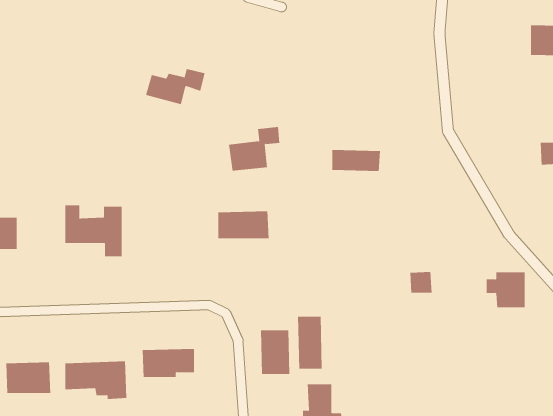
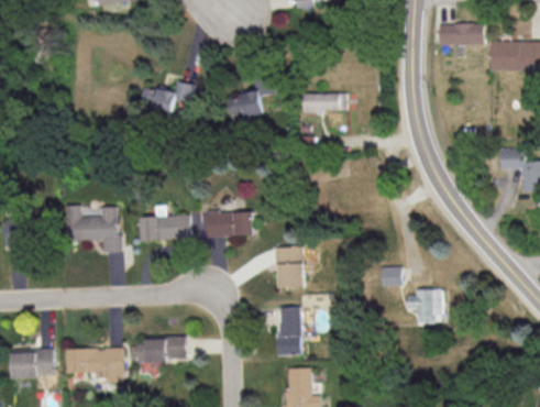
building: none -> [439,24,484,46]
building: [228,126,280,171] -> [228,79,275,120]
building: [331,150,381,171] -> [301,92,346,112]
building: none -> [140,216,190,241]
building: [486,272,526,308] -> [406,289,442,322]
building: [260,330,290,375] -> [276,248,304,288]

